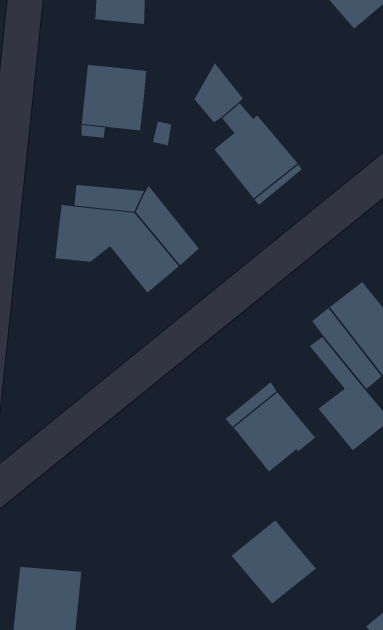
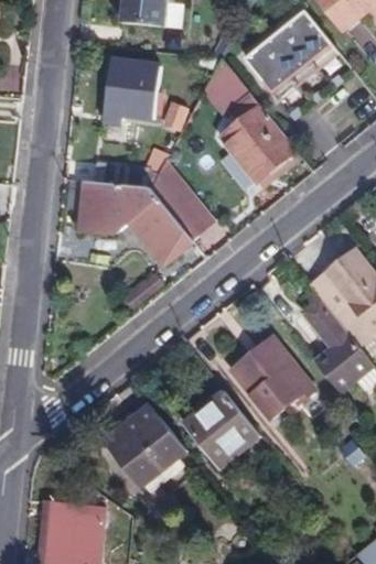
building: none -> [245,9,337,98]
building: none -> [104,403,182,490]
building: [230,520,317,605] -> [181,390,257,465]

